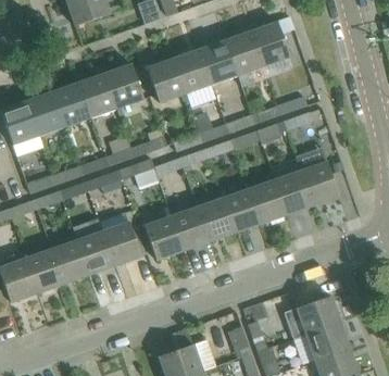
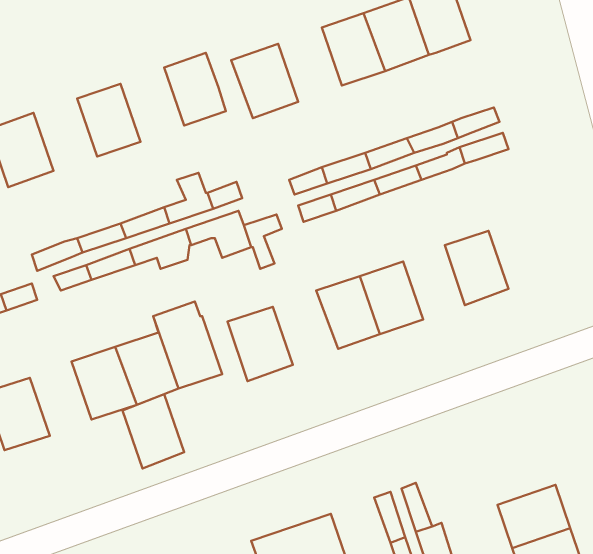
building: [175,49,213,93] -> none
building: [80,73,118,117] -> none
building: [28,91,66,135] -> none
building: [301,162,339,205] -> none
building: [250,179,287,224] -> none
building: [172,206,211,251] -> none
building: [26,249,63,293] -> [123,394,184,469]
building: [297,296,341,335] -> none

